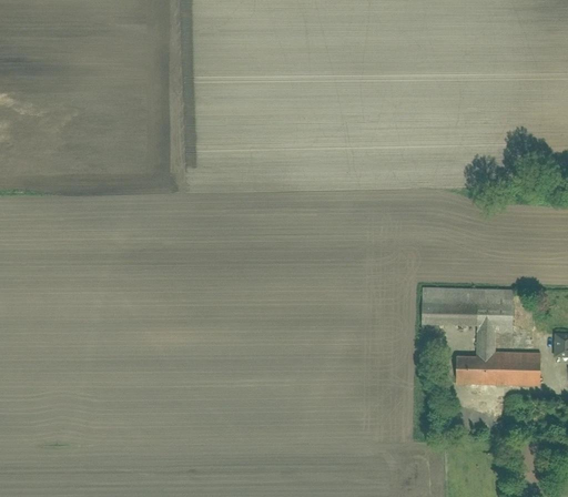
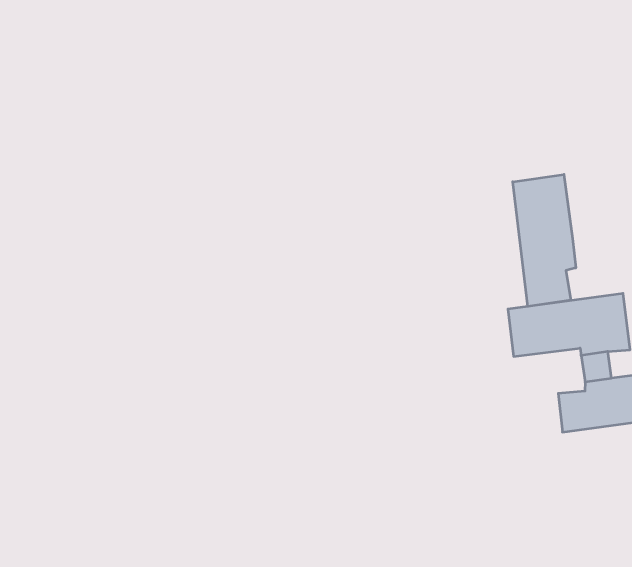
building: none -> [513,174,576,306]

